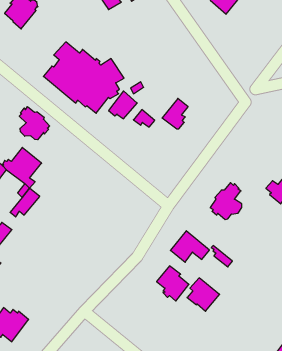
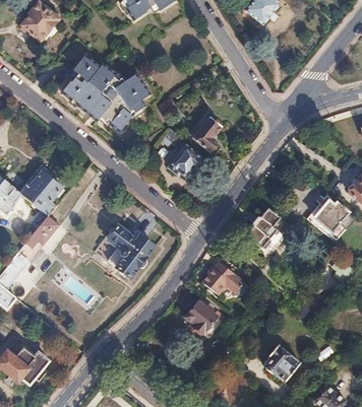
building: [109,91,137,119] -> [170,145,201,176]
building: [19,107,50,140] -> none
building: none -> [110,226,155,277]
building: [187,278,220,311] -> [264,345,300,382]

